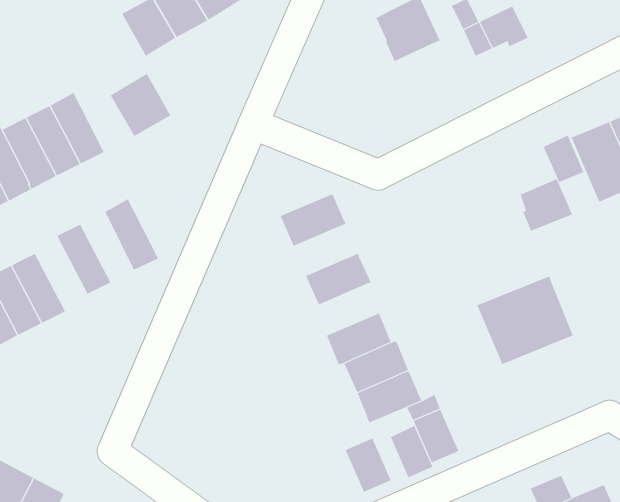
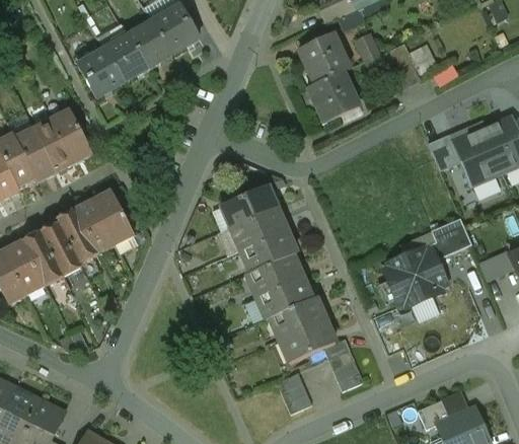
building: none -> [306,70,359,121]
building: [110,73,171,137] -> [77,47,124,95]
building: [520,178,573,232] -> [431,221,471,262]
building: none -> [74,198,115,251]
building: none -> [236,207,286,246]
building: none -> [40,216,80,274]
building: none -> [251,252,302,292]
building: [390,425,433,478] -> none

